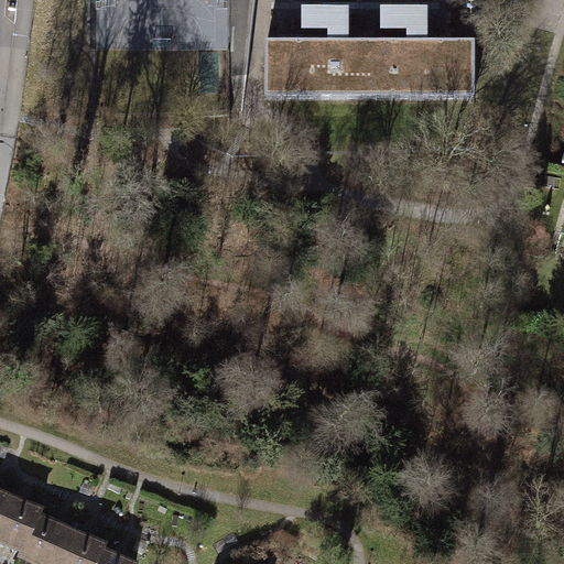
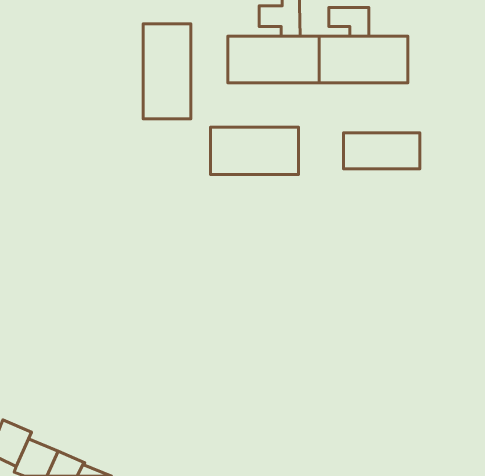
building: none -> [143,24,191,119]
building: none -> [210,127,298,174]
building: none -> [344,133,420,169]

